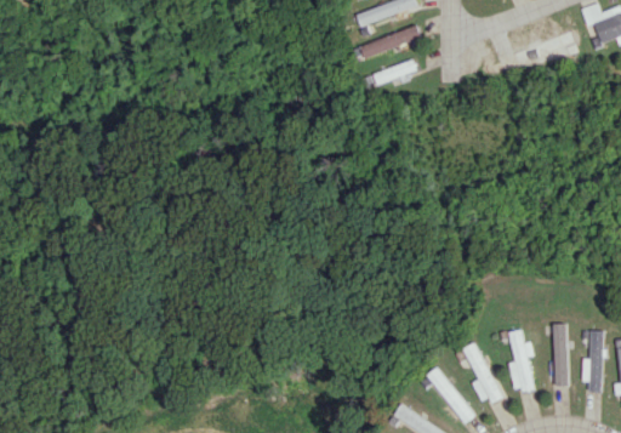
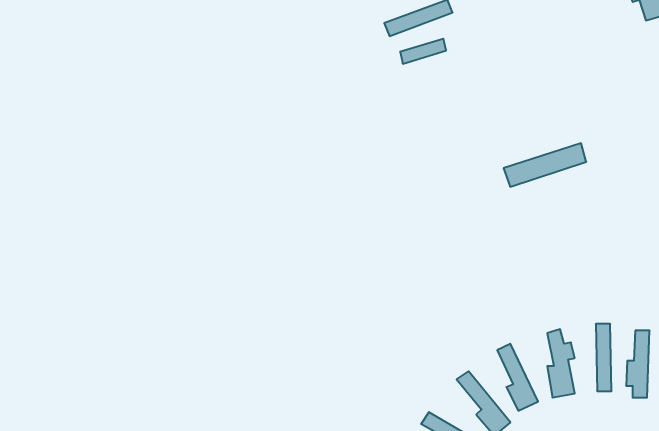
building: [500,33,576,73] -> [504,143,586,187]

